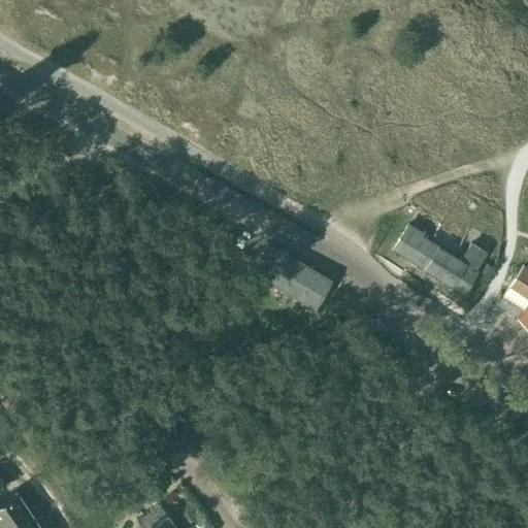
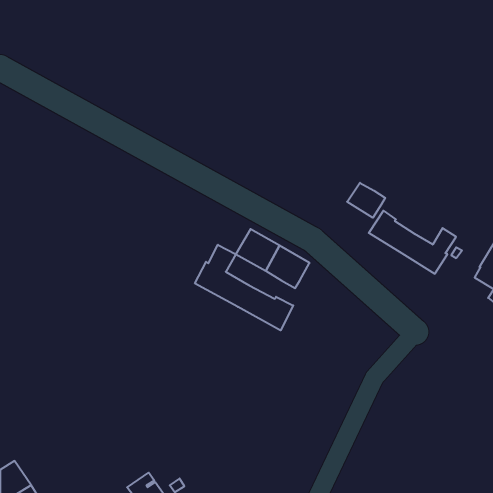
building: none -> [347,183,385,218]
building: none -> [195,245,293,330]

